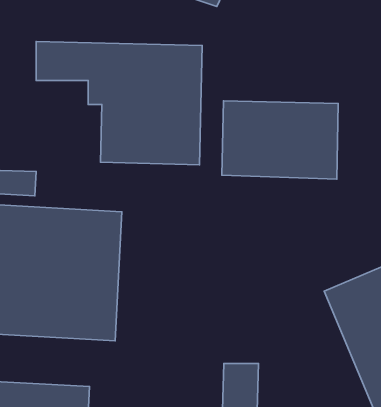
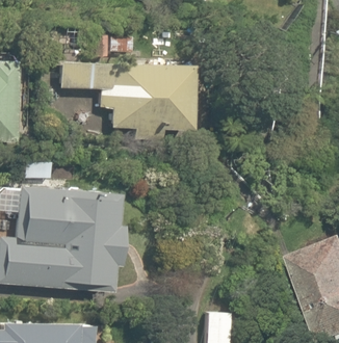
building: [222,101,338,179] -> none

